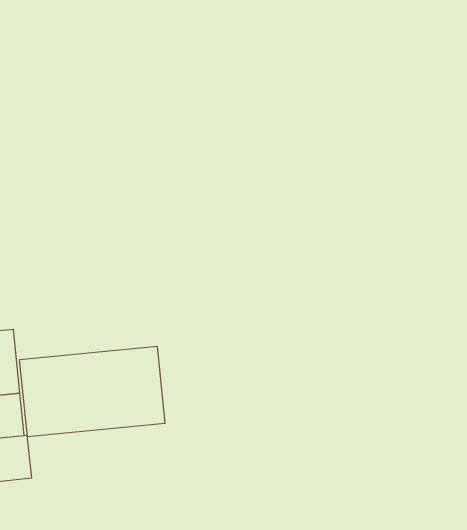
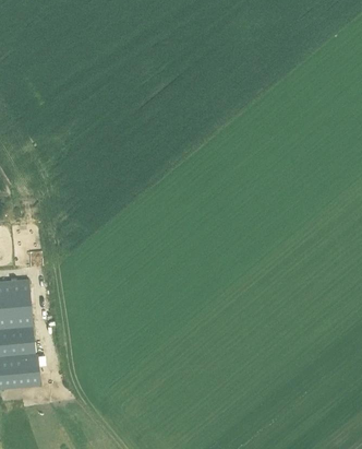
building: [20,346,165,437] -> none

